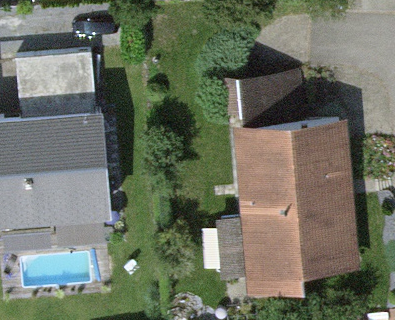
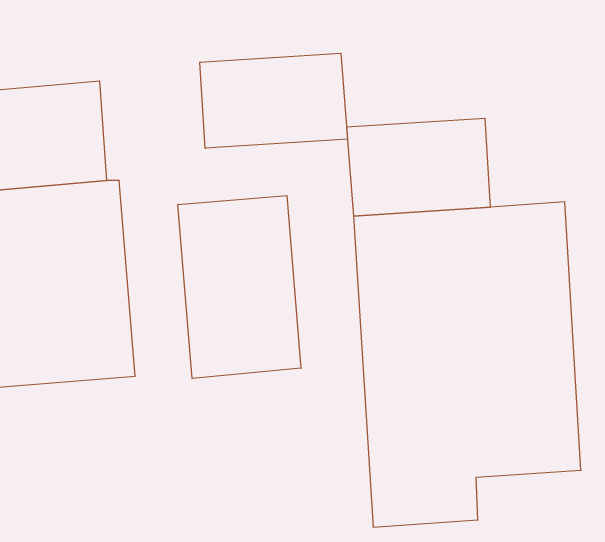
building: none -> [200,53,347,148]
building: none -> [178,196,301,379]

